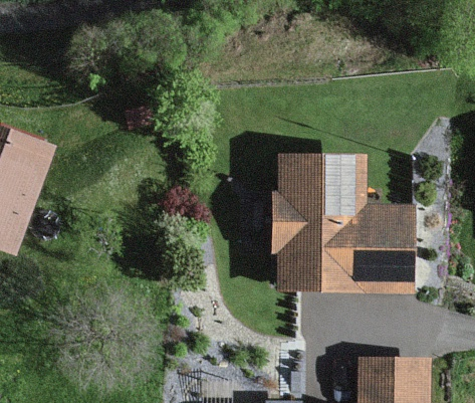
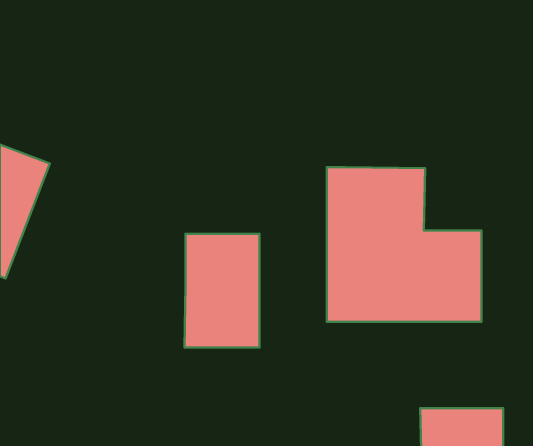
building: none -> [185,234,259,347]

